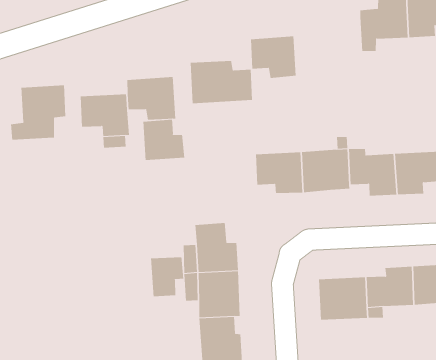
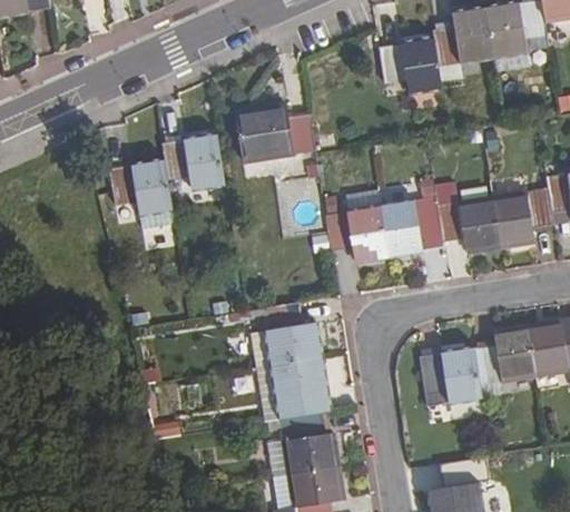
building: [250,36,296,79] -> [381,38,441,92]
building: [11,85,66,140] -> none
building: [143,119,185,161] -> none
building: [151,257,184,297] -> none

